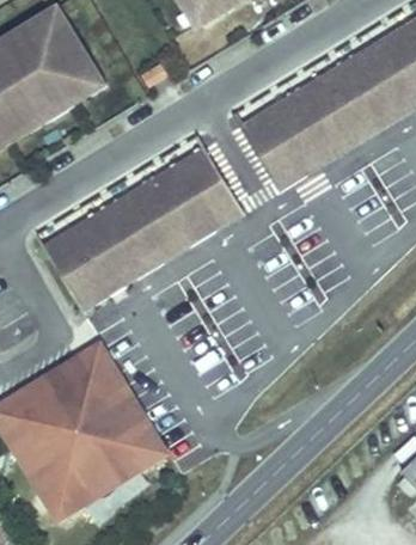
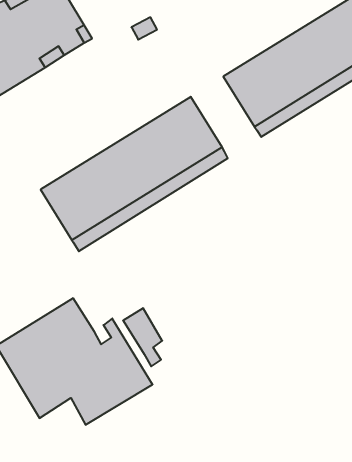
building: [79,345,121,408] -> [123,308,162,366]
building: [43,465,92,514] -> none

